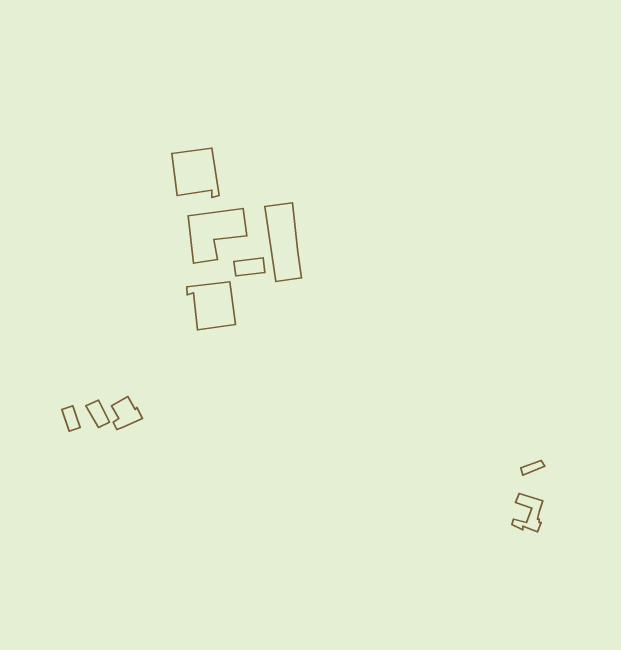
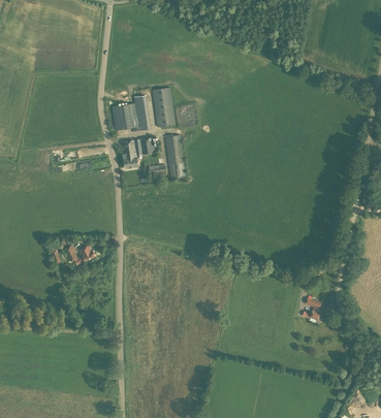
building: none -> [153,87,176,127]
building: [187,282,235,330] -> none

